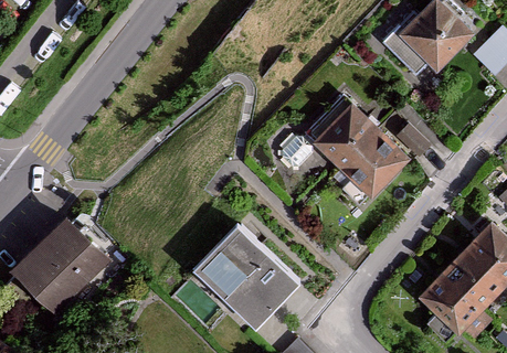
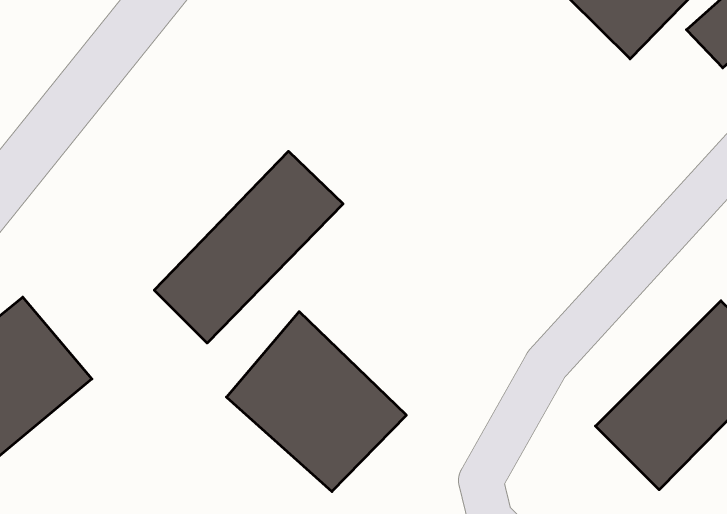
building: [306,97,410,201] -> none
building: none -> [154,151,343,343]

